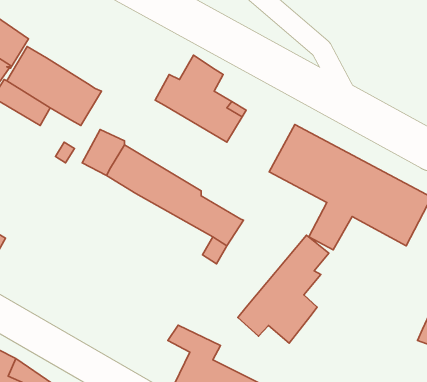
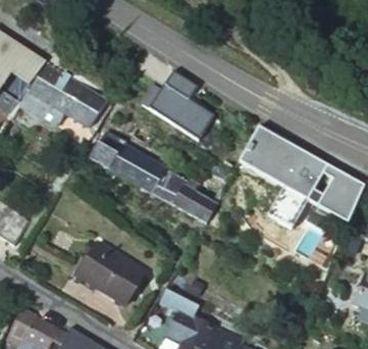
building: [238,235,329,343] -> none
building: none -> [78,239,148,303]

